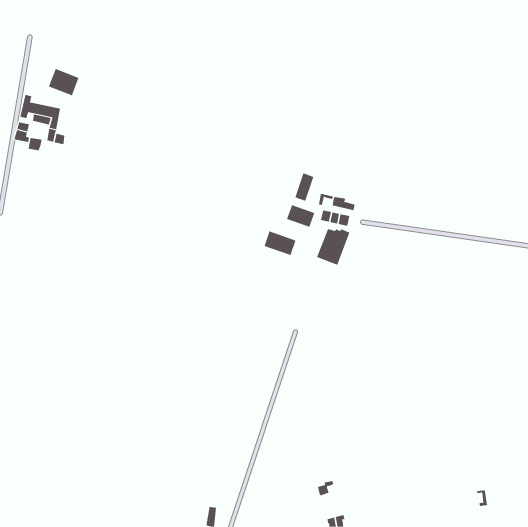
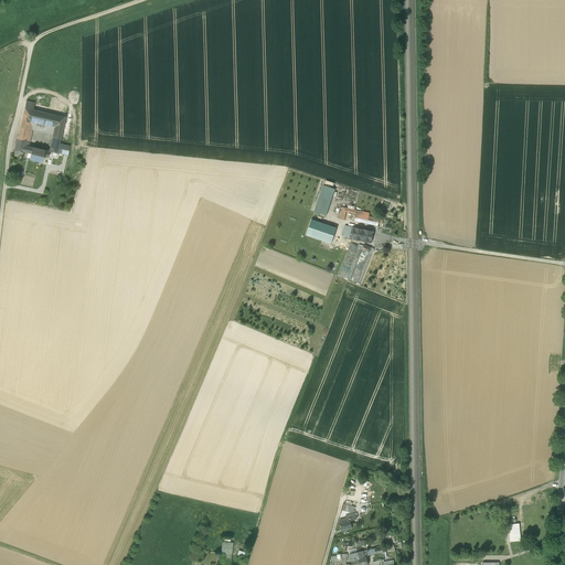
building: [48,68,79,96] -> none
building: [264,231,296,256] -> none

